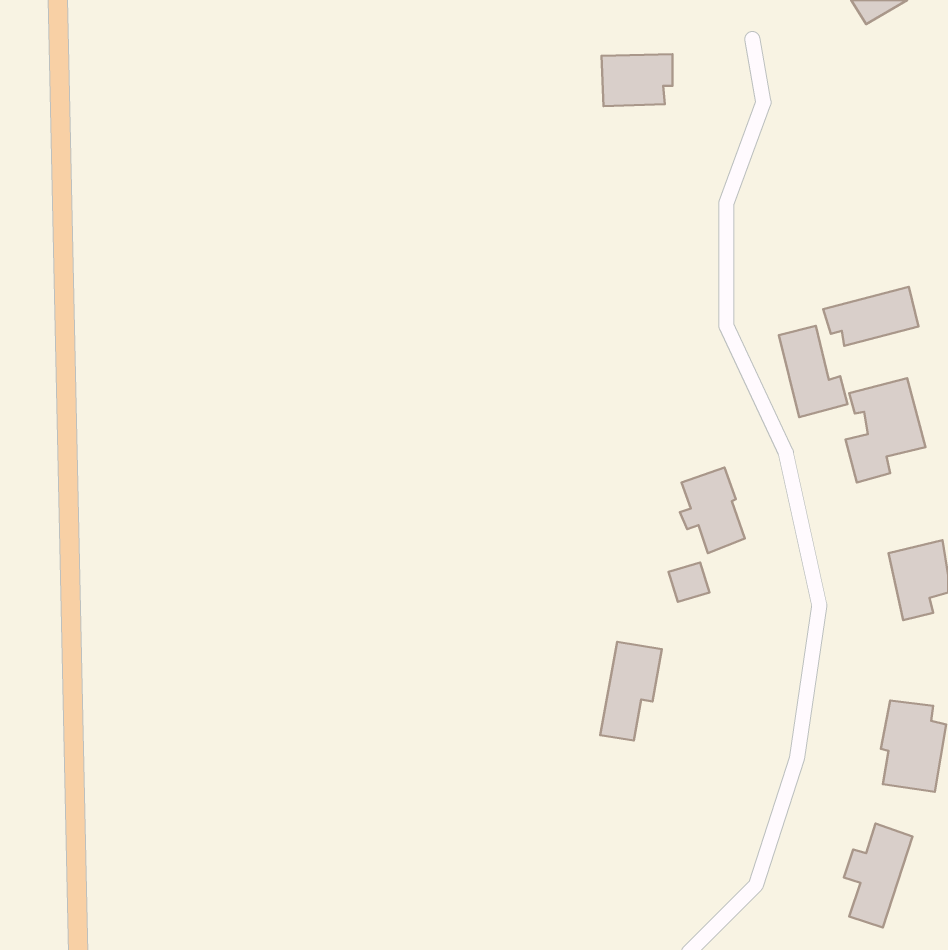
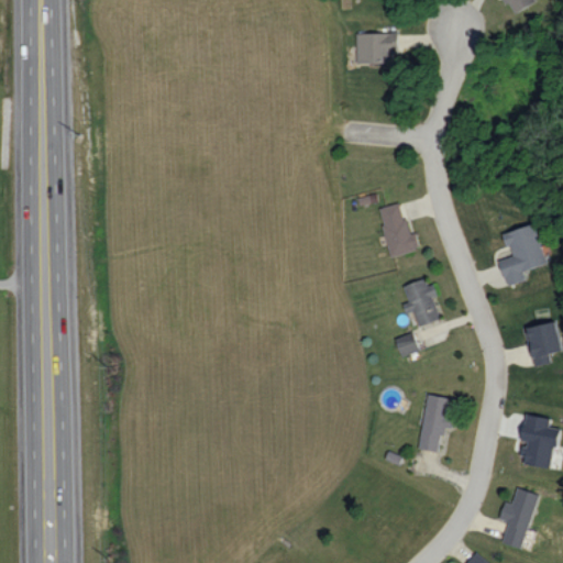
building: [823,287,918,346] -> none
building: [779,326,848,417] -> [378,202,419,256]
building: [600,642,662,741] -> [418,394,454,452]

